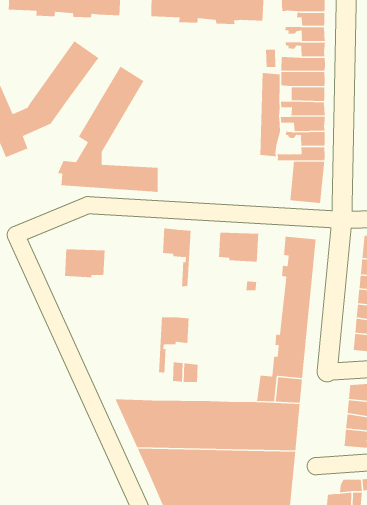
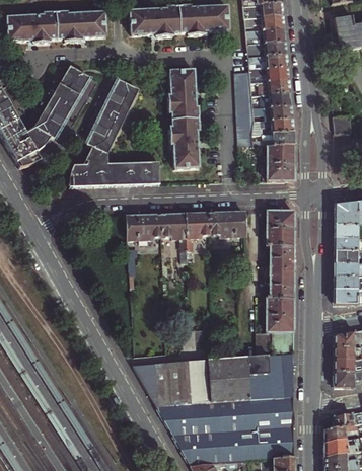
building: none -> [169,68,200,167]
building: [64,249,105,278] -> [127,214,162,240]
building: [158,316,189,373] -> [186,213,211,262]

